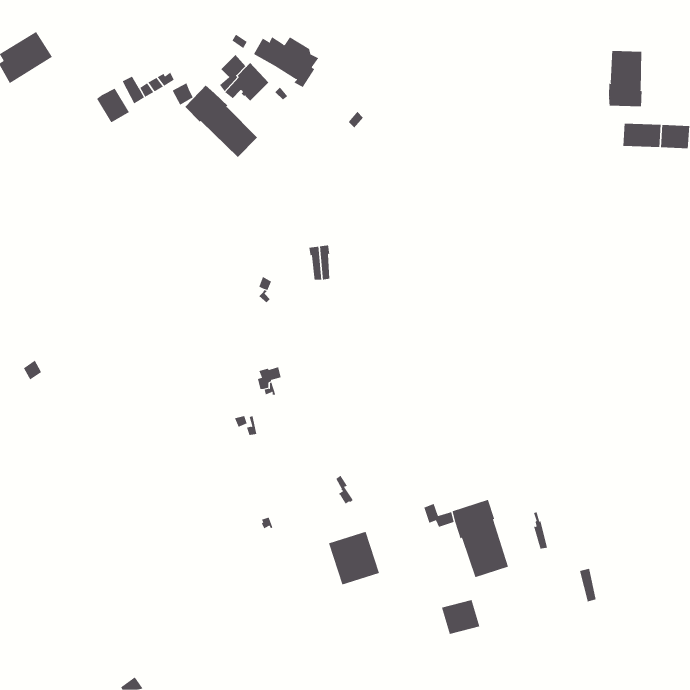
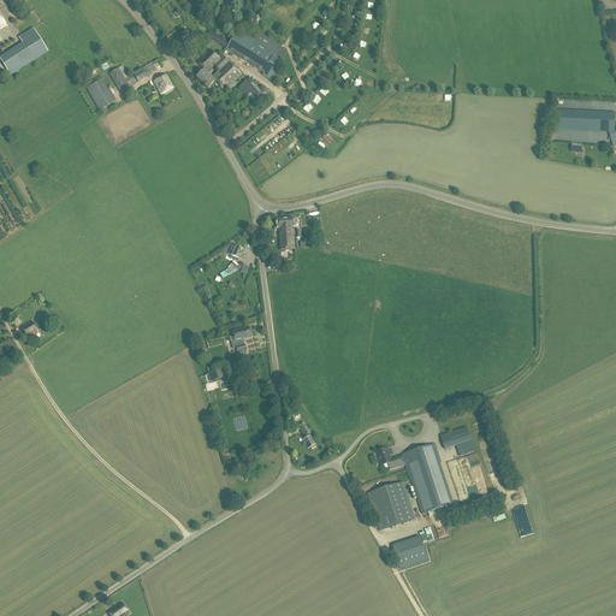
building: [608,50,642,107] -> none
building: [184,84,258,158] -> none
building: none -> [440,427,473,454]
building: [328,531,380,585] -> [368,482,414,531]

